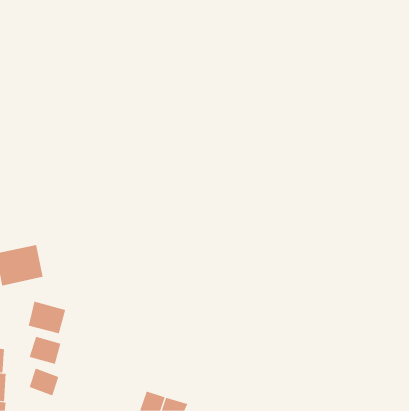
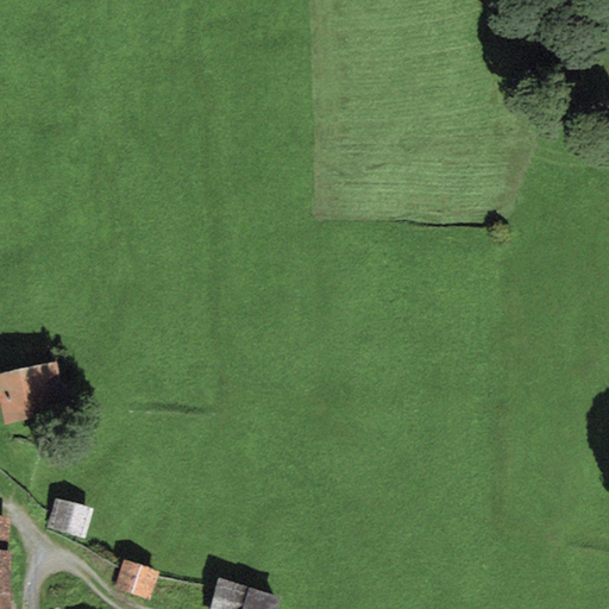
building: [28,301,66,334] -> none
building: [29,368,59,396] -> [112,559,157,601]

